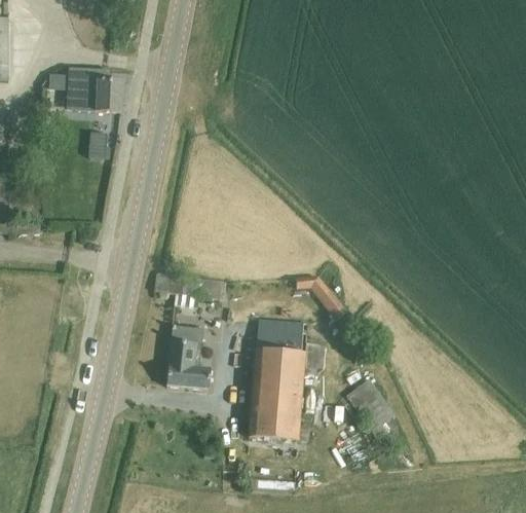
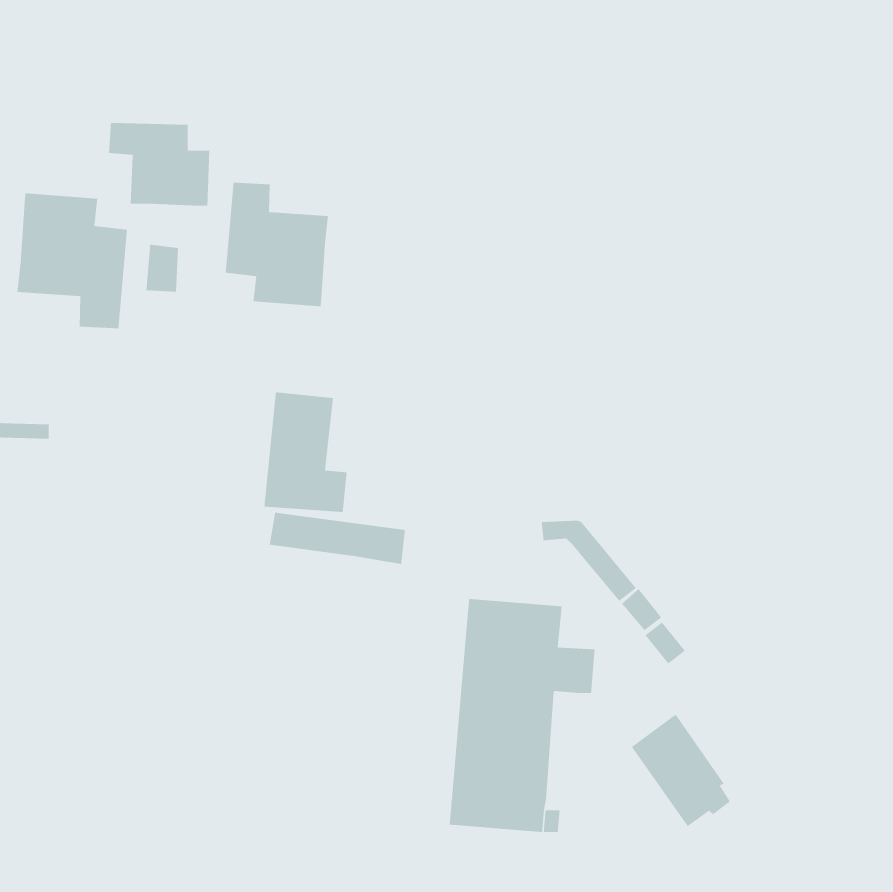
building: none -> [225,182,329,307]
building: none -> [16,192,128,329]
building: [164,324,209,388] -> [263,392,348,513]

